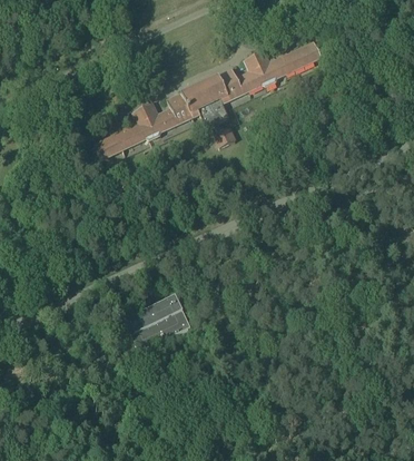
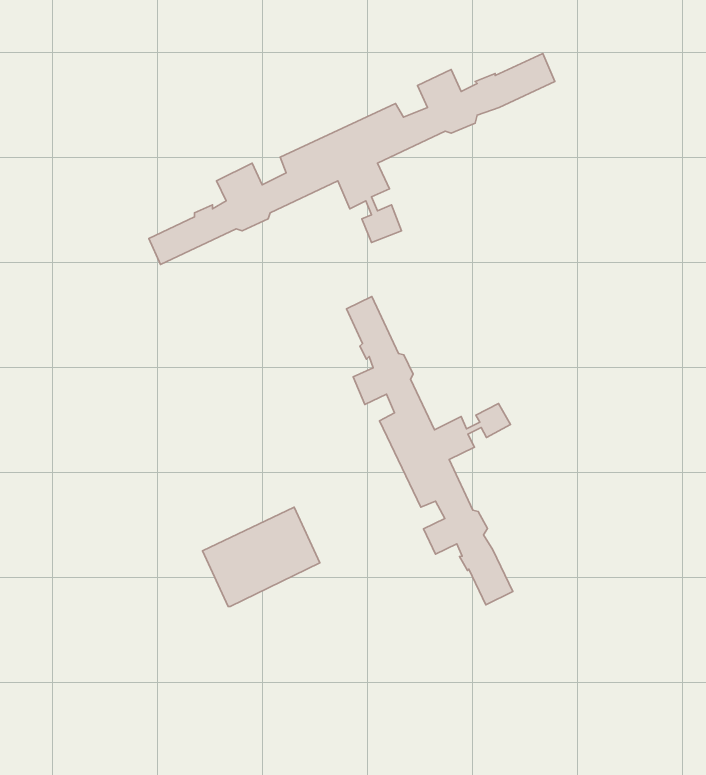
building: none -> [347,297,513,605]

